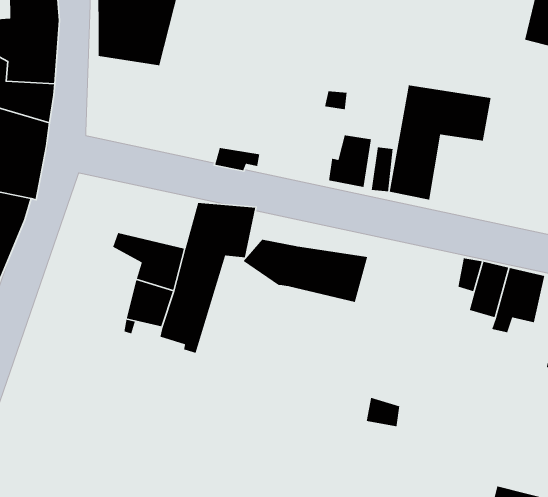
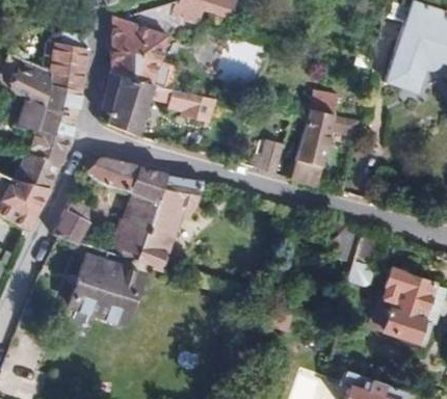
building: none -> [102,75,212,134]
building: [243,239,368,303] -> [85,157,166,203]
building: none -> [54,200,85,245]
building: none -> [70,257,139,322]

